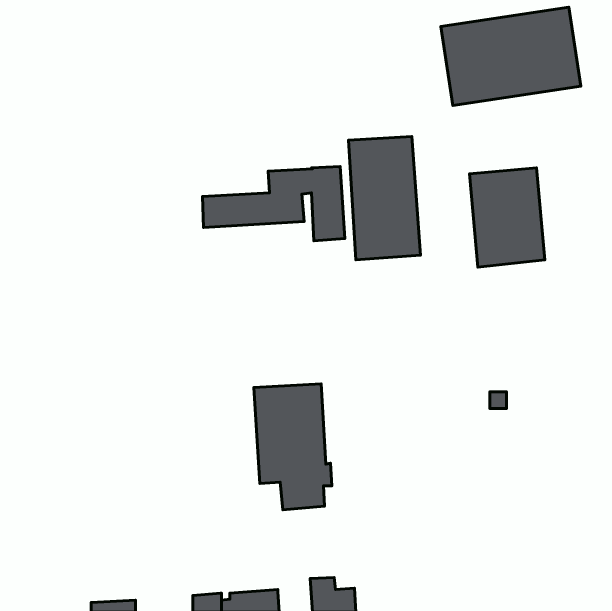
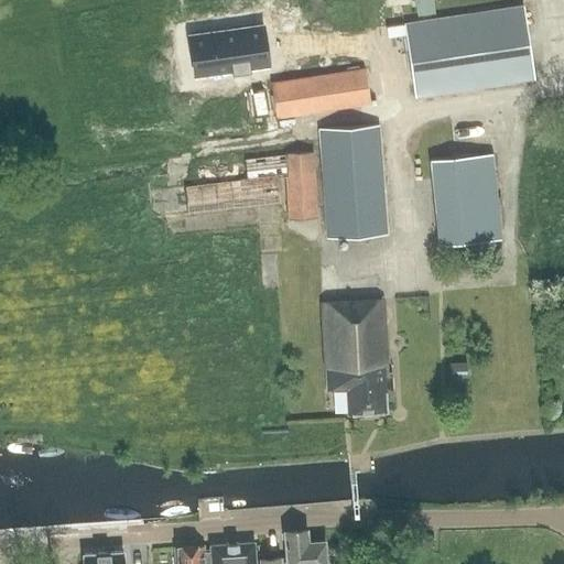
building: none -> [189,25,269,75]
building: none -> [265,68,367,117]
building: [254,384,332,510] -> [323,300,394,415]

